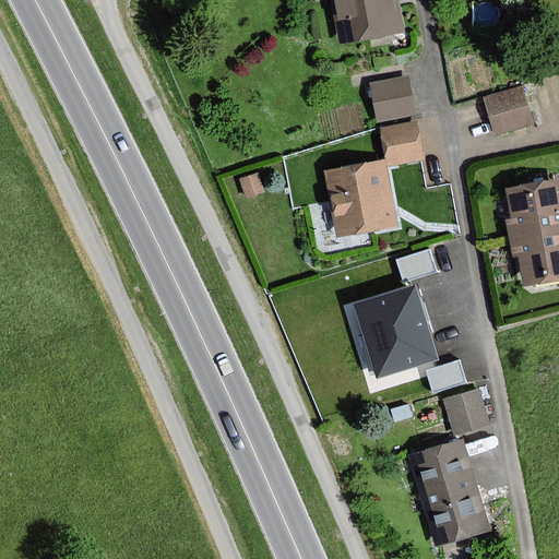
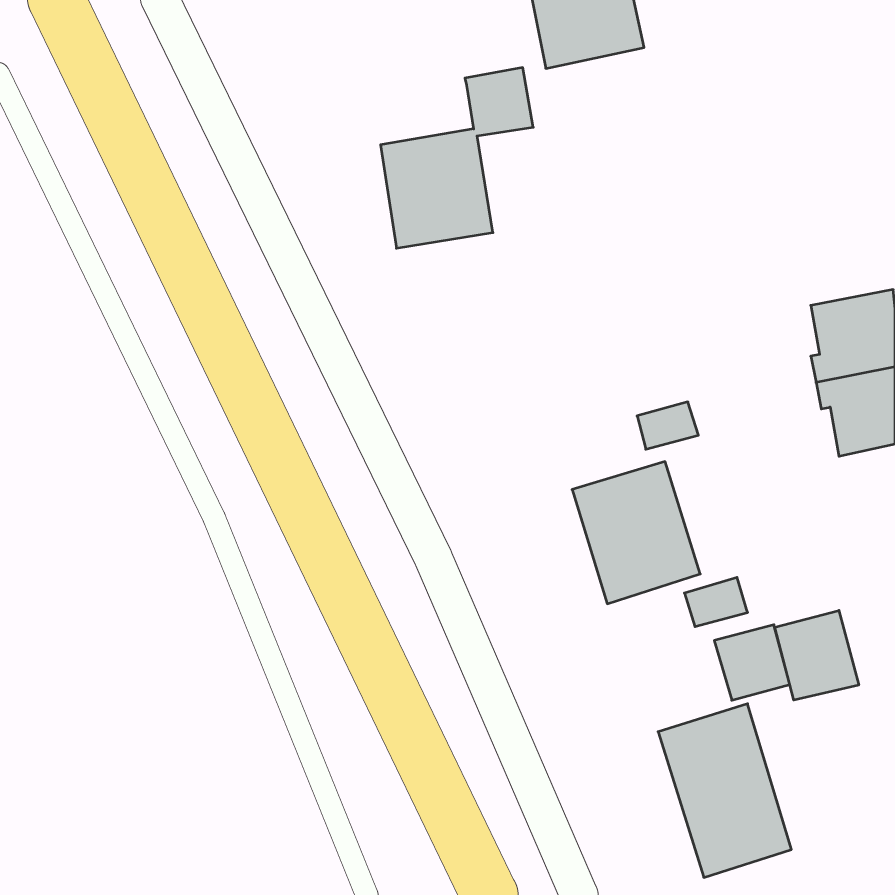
building: [370,75,413,121] -> none
building: [484,88,533,134] -> none
building: [328,122,423,235] -> [381,68,533,248]
building: none -> [775,610,859,700]

